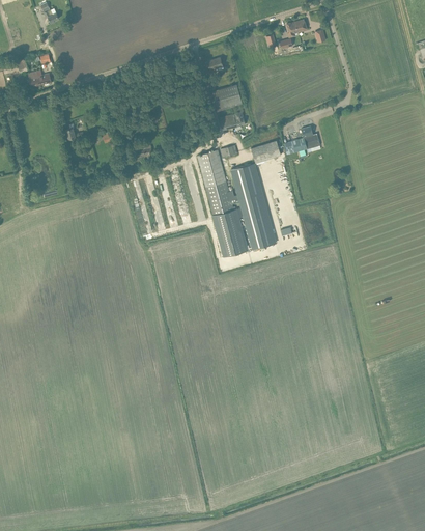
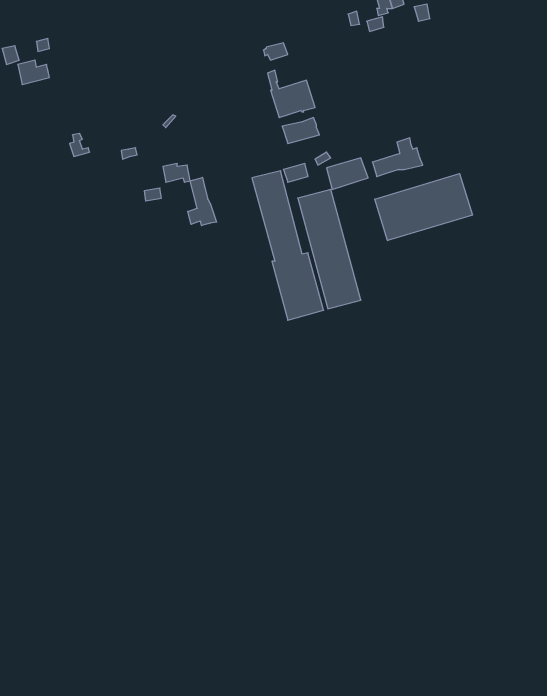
building: none -> [375,174,472,241]
building: none -> [188,177,217,226]

